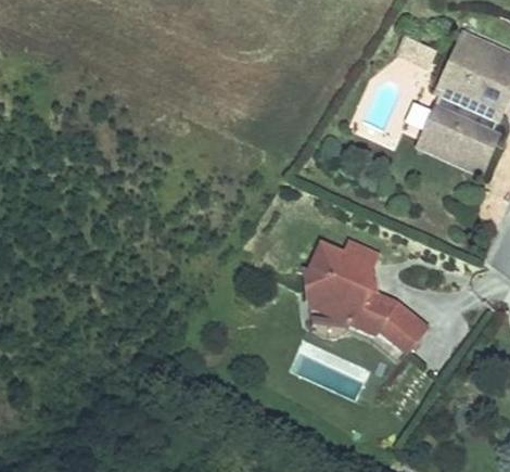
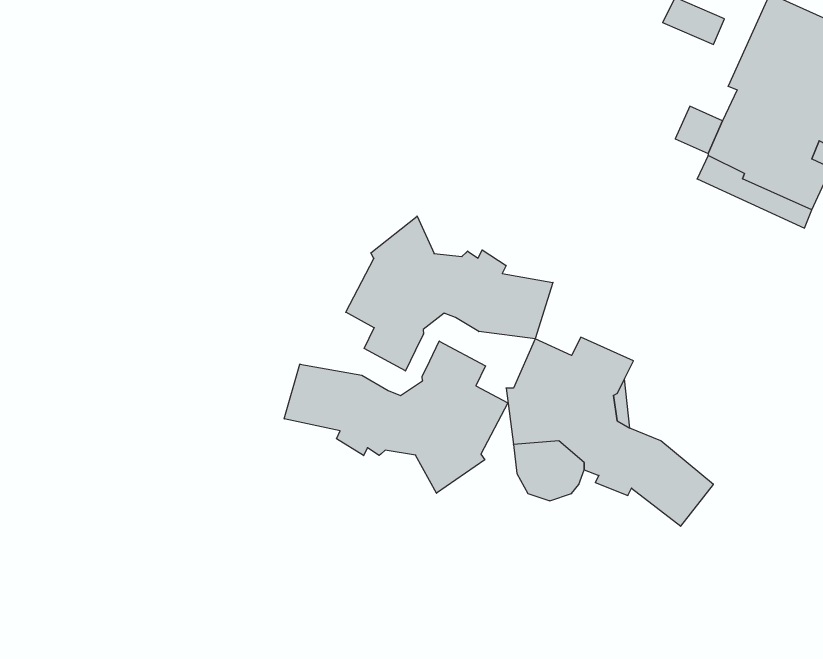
building: none -> [346,216,553,371]
building: none -> [284,341,508,493]

